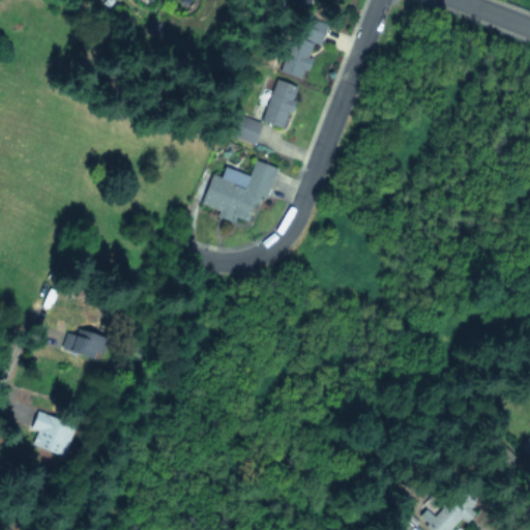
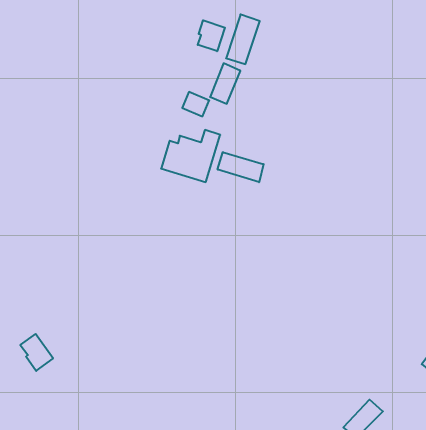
building: none -> [198,20,225,51]
building: none -> [218,152,264,182]
building: [73,331,105,360] -> none

